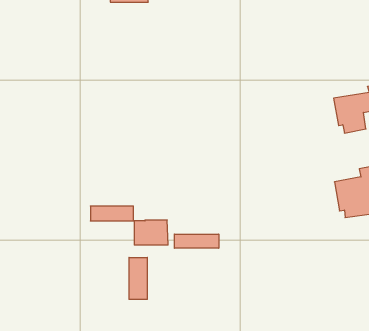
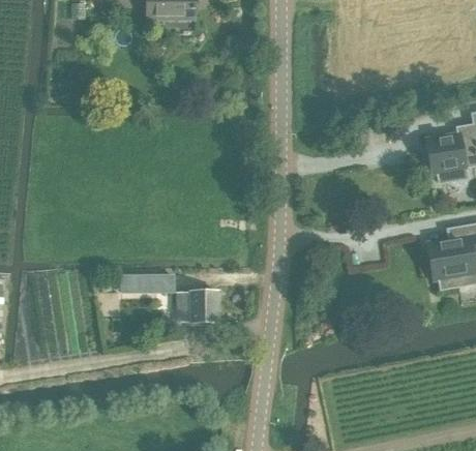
building: [174,234,219,248] -> none
building: [129,257,147,299] -> none

